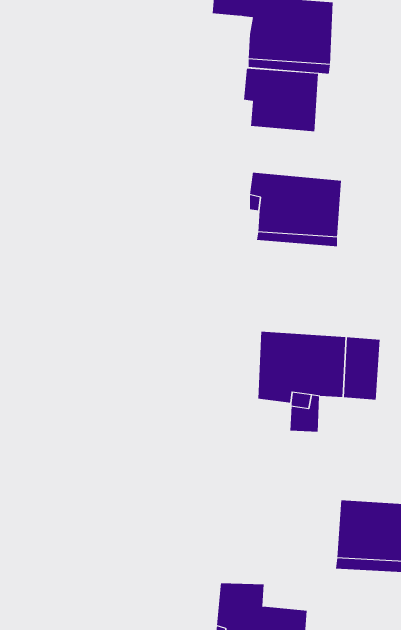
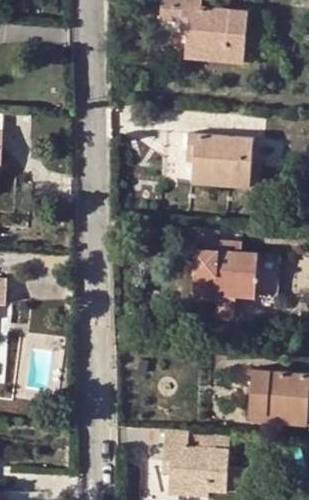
building: [244,68,319,132] -> none

